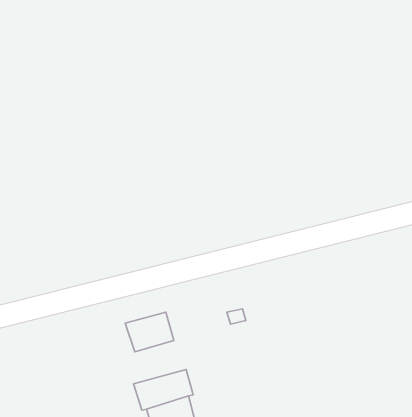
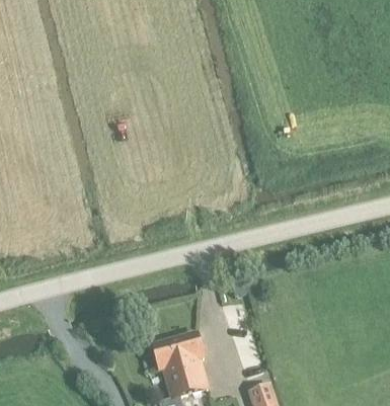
building: [125,312,174,352] -> none

